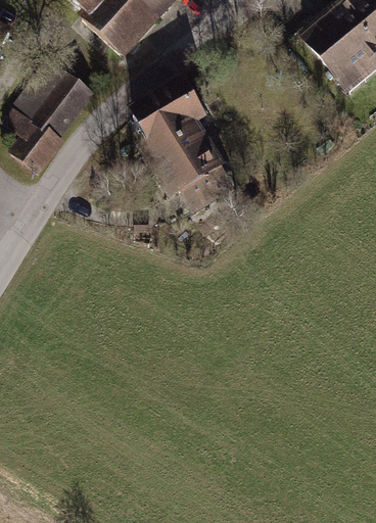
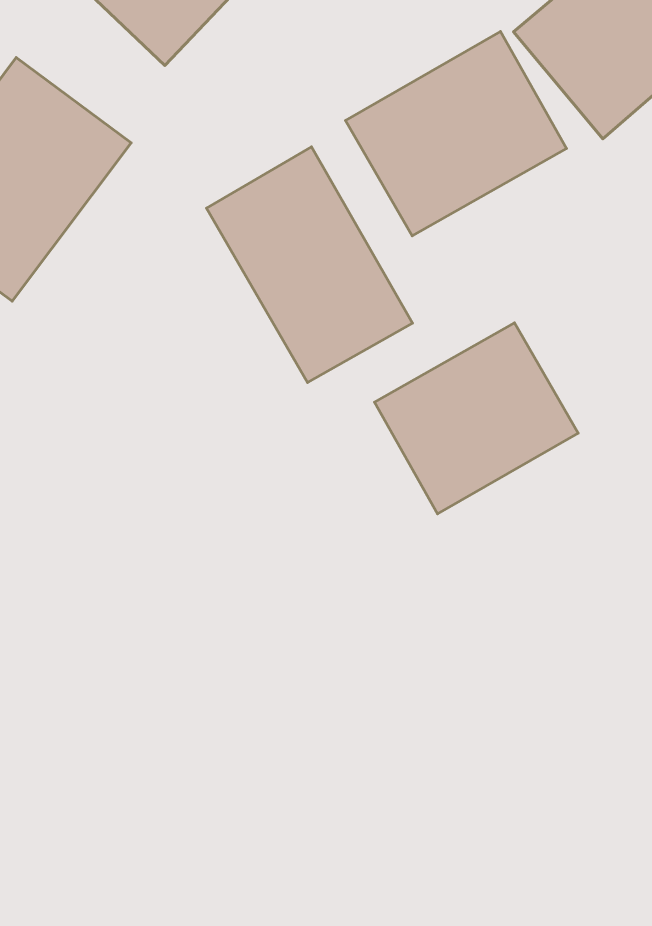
building: none -> [345,32,566,236]
building: none -> [375,323,578,514]

